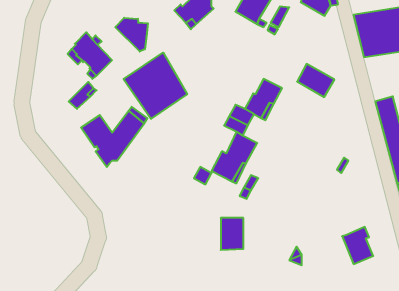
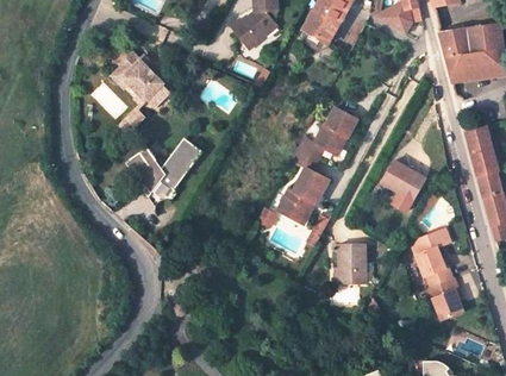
building: [115,18,148,52] -> none
building: [124,53,187,119] -> none
building: [297,64,334,97] -> [382,161,425,199]
building: none -> [413,226,452,286]
building: [221,218,243,250] -> [339,245,366,282]

